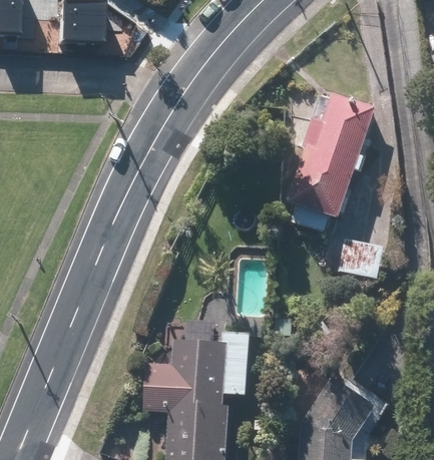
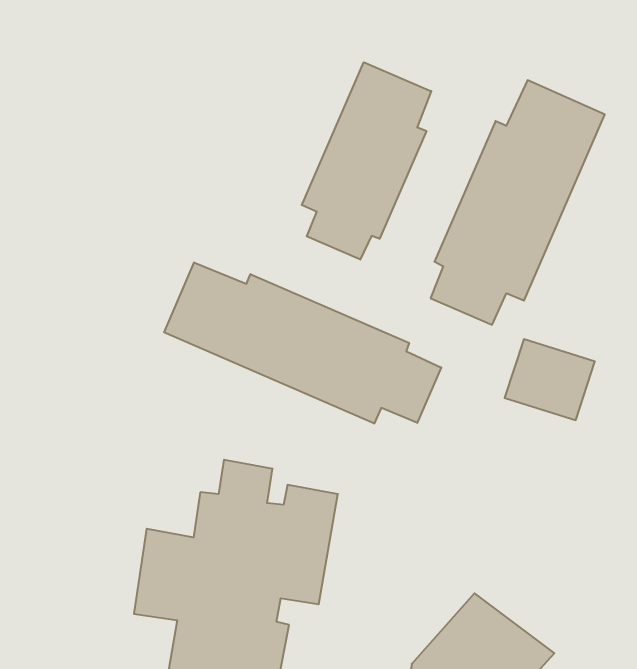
building: none -> [302,62,431,260]
building: none -> [164,262,441,424]

